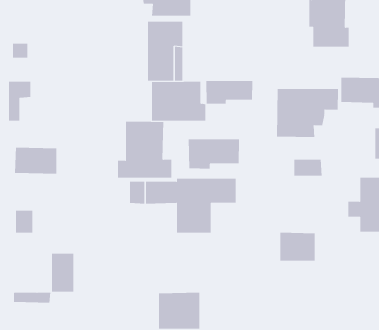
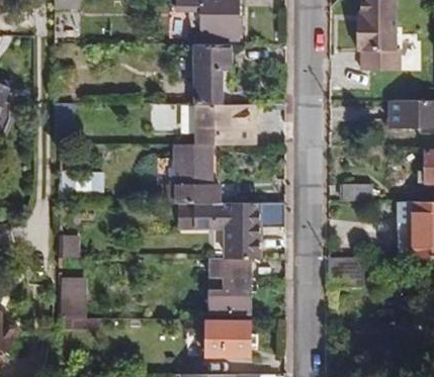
building: [206,80,253,105] -> none
building: [276,88,339,138] -> none
building: [188,139,239,169] -> none
building: none -> [208,259,248,312]
building: [51,253,74,292] -> [60,278,83,317]

